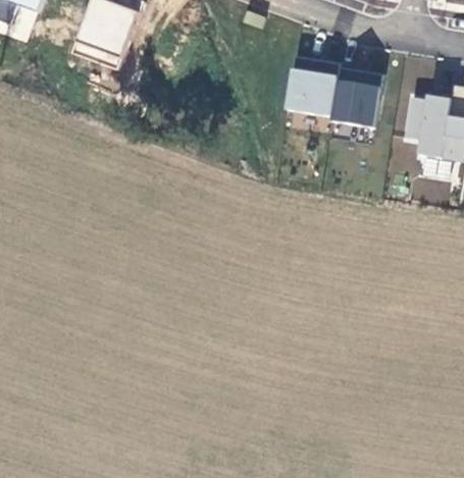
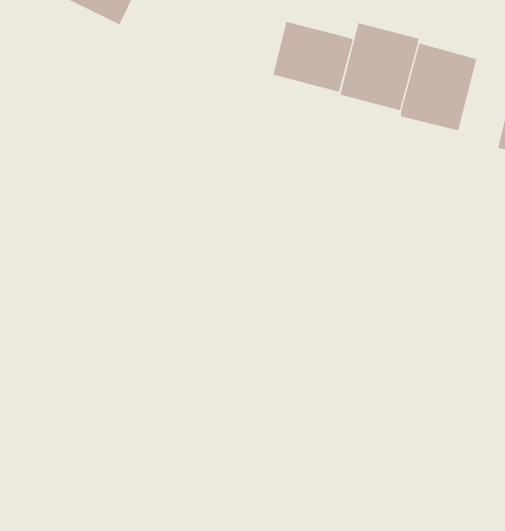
building: none -> [273,21,354,93]

